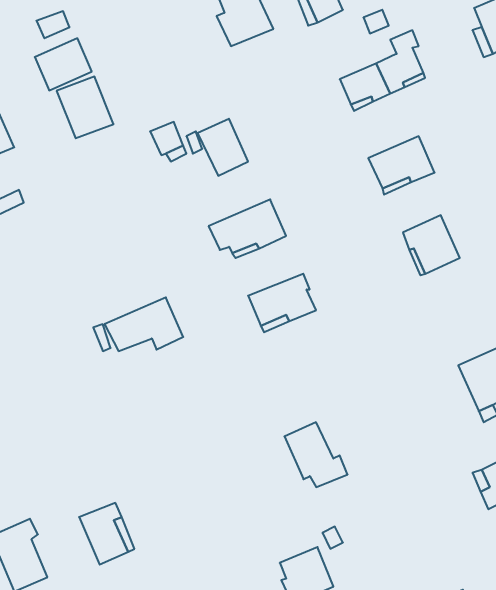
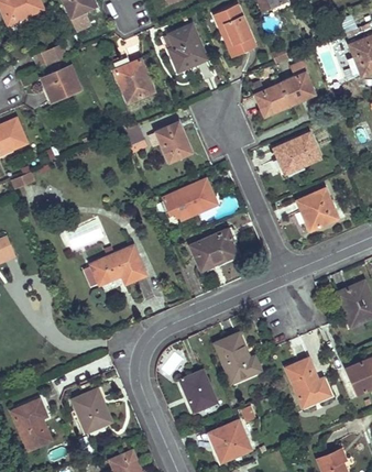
building: [57,77,114,138] -> [114,59,154,102]
building: none -> [286,359,331,406]
building: none -> [180,371,217,411]

